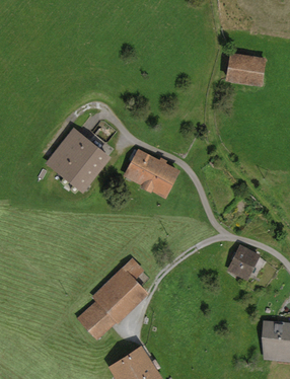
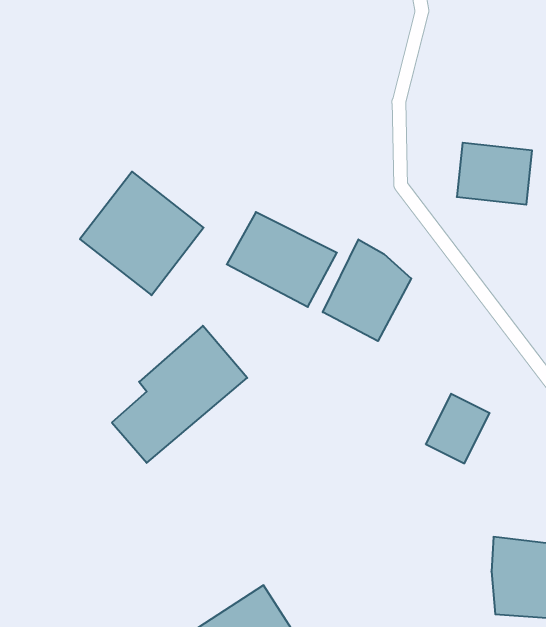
building: [232,52,272,84] -> [457,143,532,205]
building: none -> [323,239,411,341]
building: [77,266,148,337] -> [112,326,247,463]

